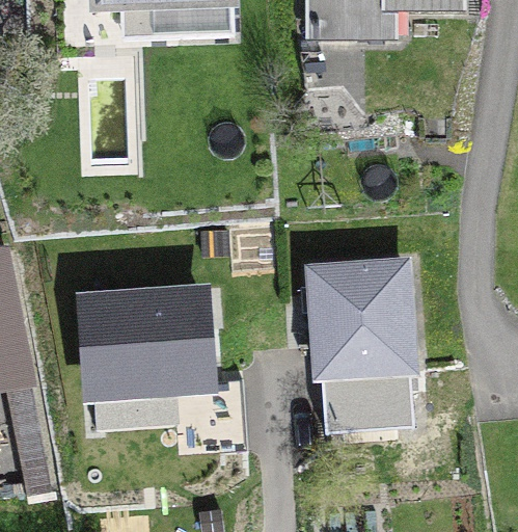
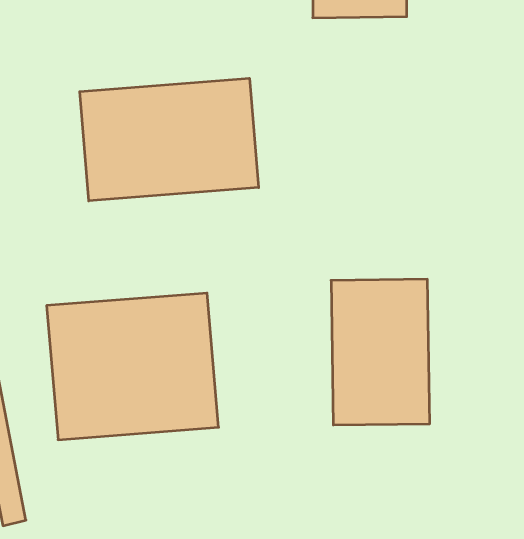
building: none -> [80,78,259,201]

